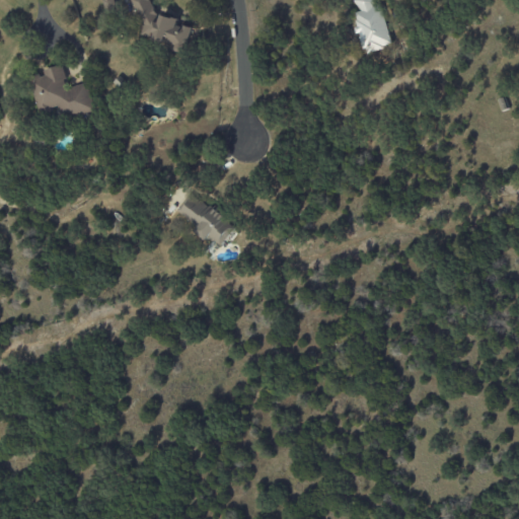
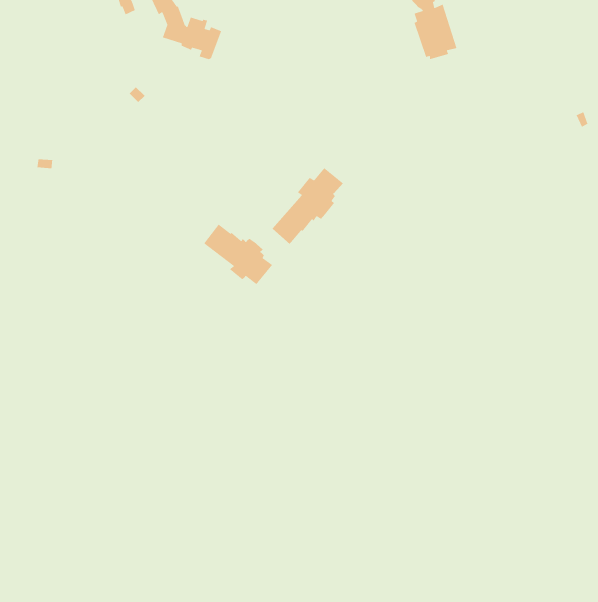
building: [26,63,95,121] -> none
building: none -> [272,167,344,245]

